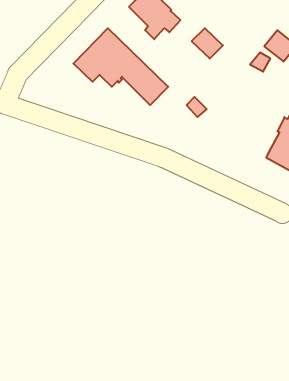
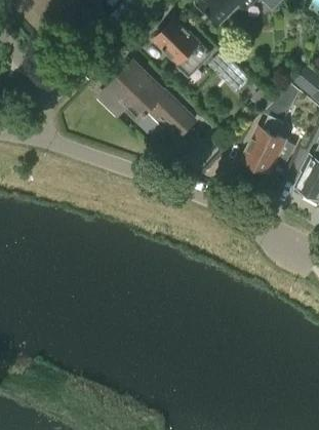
building: none -> [242,117,295,173]

